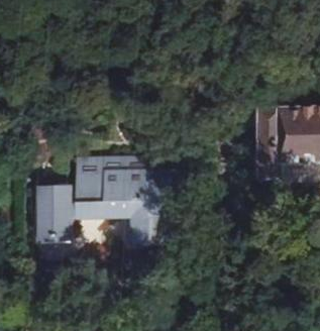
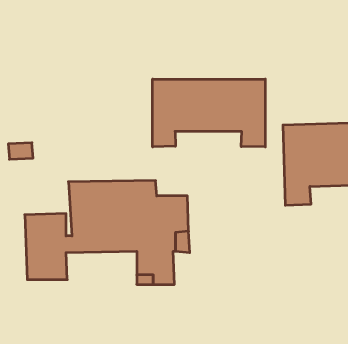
building: none -> [153,79,265,147]

